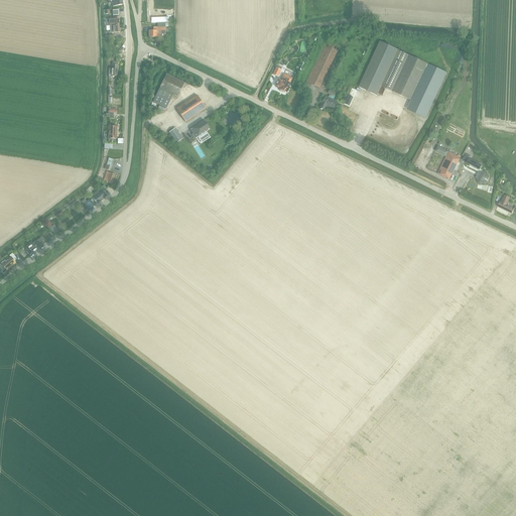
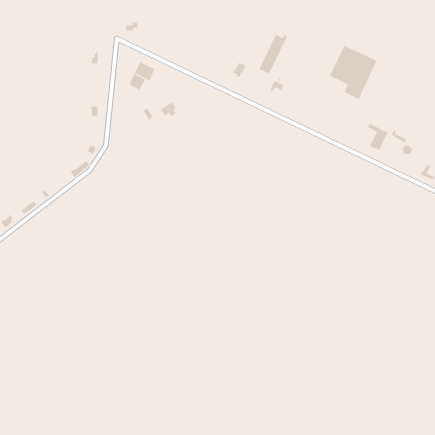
building: [358,40,406,95] -> none
building: [175,94,205,121] -> none

